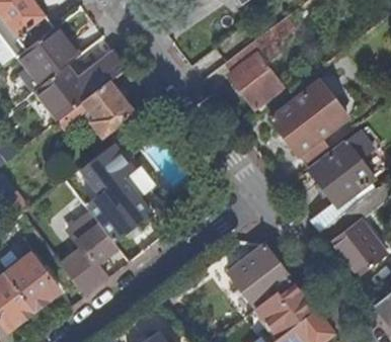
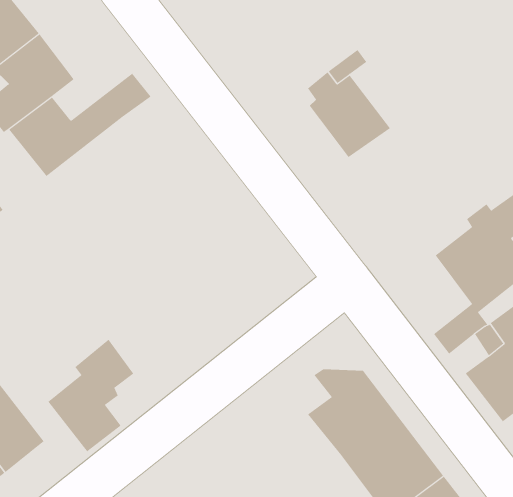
building: [58,81,134,138] -> none
building: [269,82,346,168] -> none
building: [82,144,150,242] -> none

